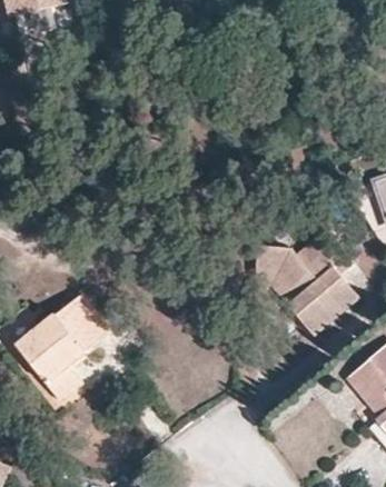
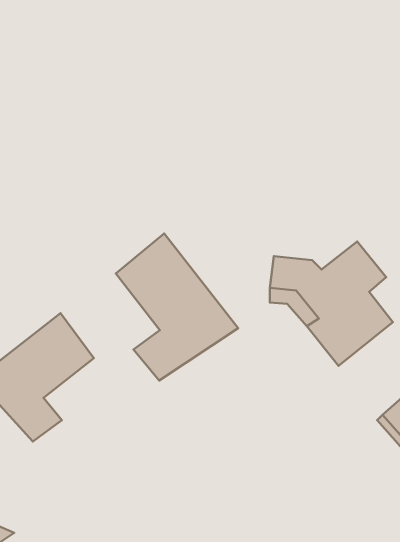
building: none -> [116,233,238,380]

